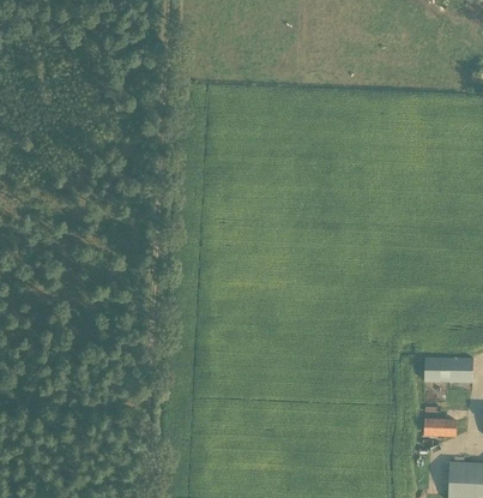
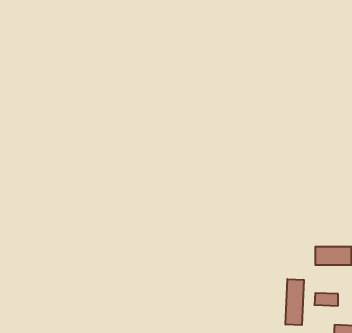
building: none -> [286,279,304,325]

